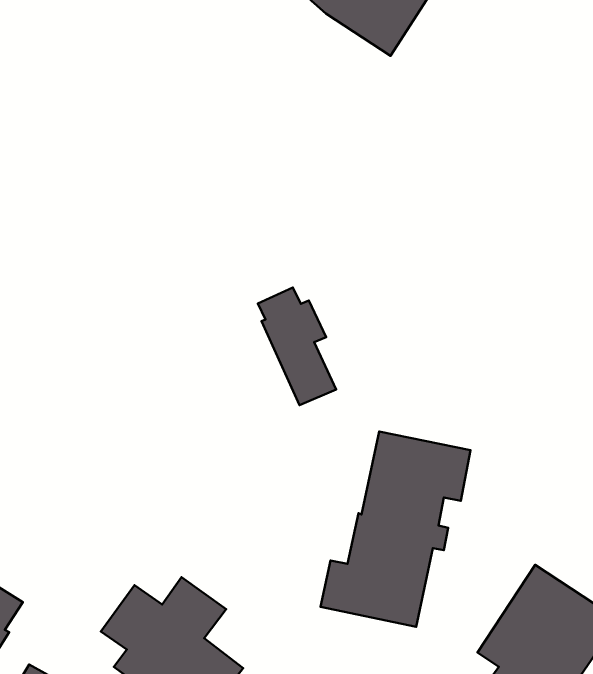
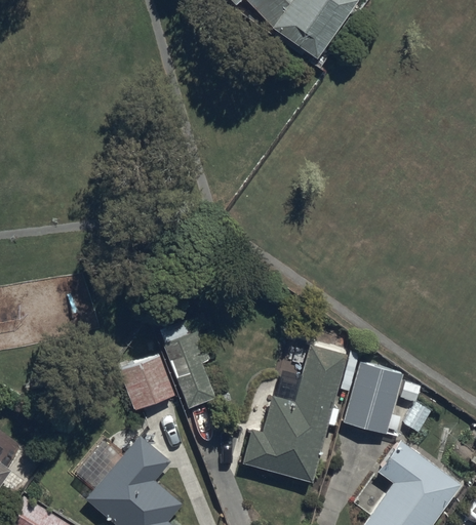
building: [258,288,336,405] -> [160,322,214,409]
building: none -> [344,361,420,433]
building: none -> [119,355,173,410]

